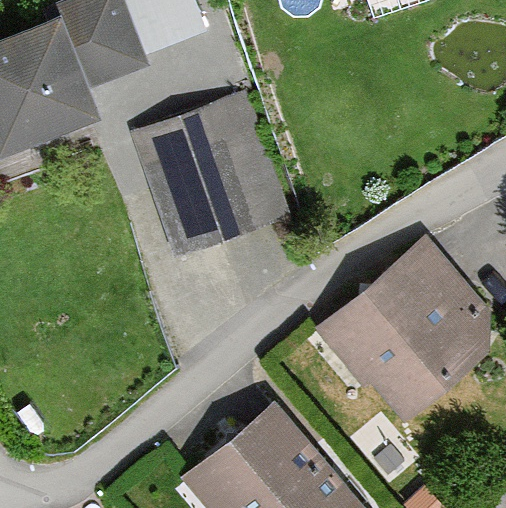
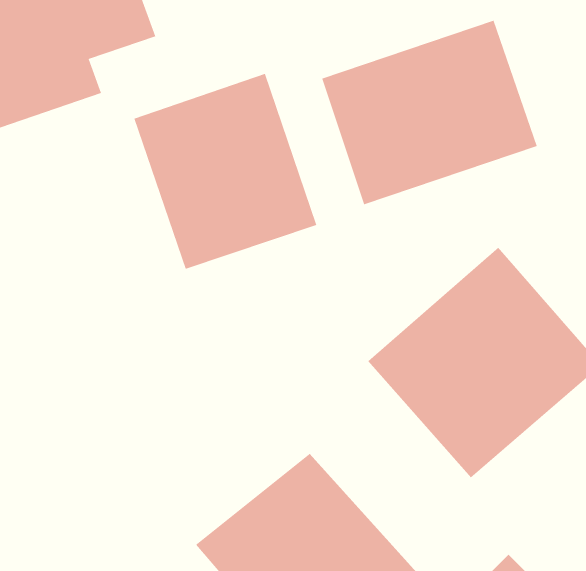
building: none -> [321,20,538,205]

